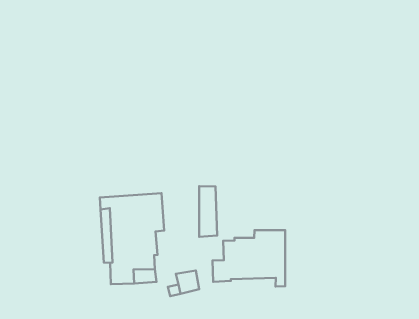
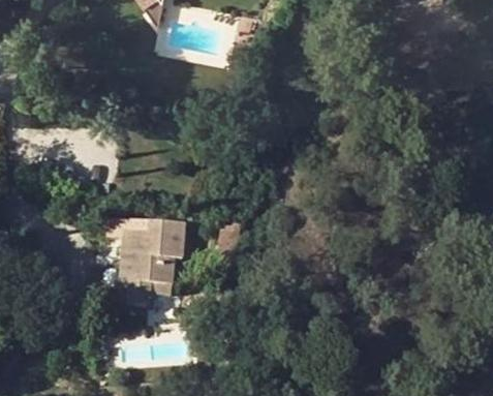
building: [212,230,285,286] -> none

